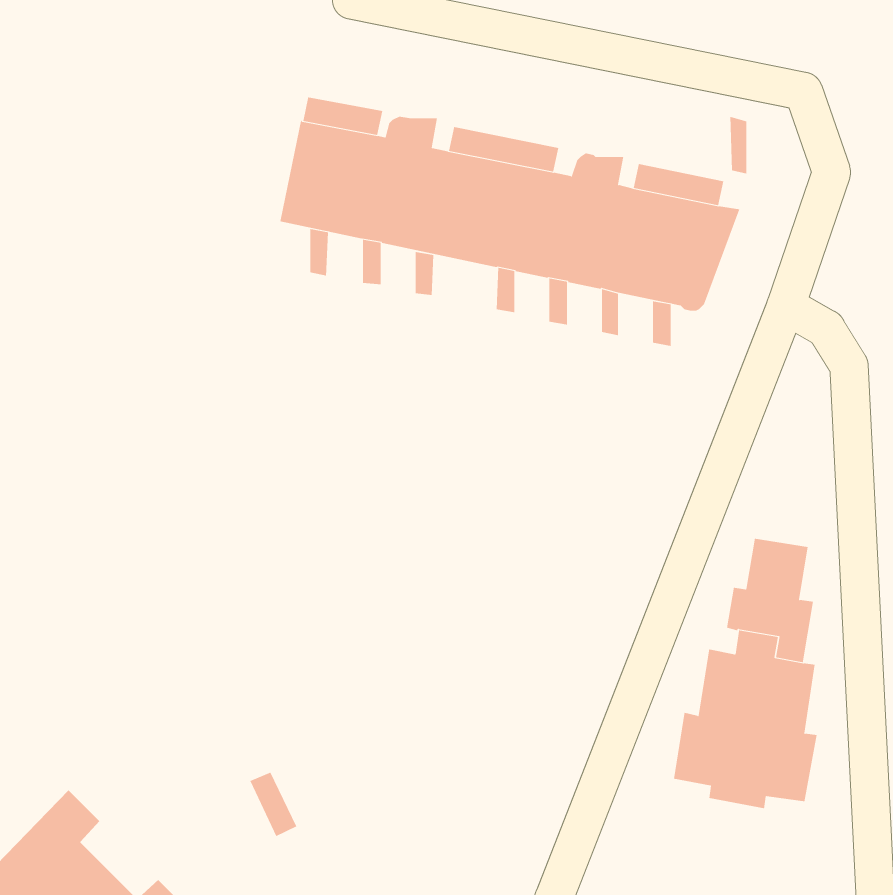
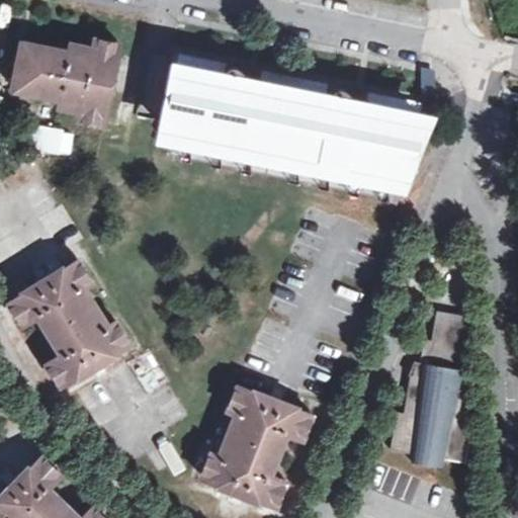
building: none -> [10,40,117,122]
building: none -> [8,261,126,384]
building: none -> [200,387,309,506]

